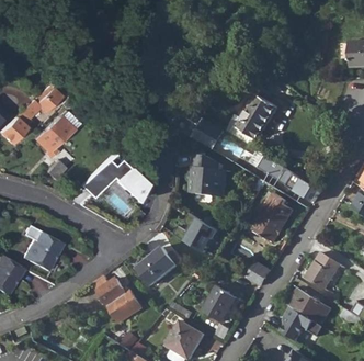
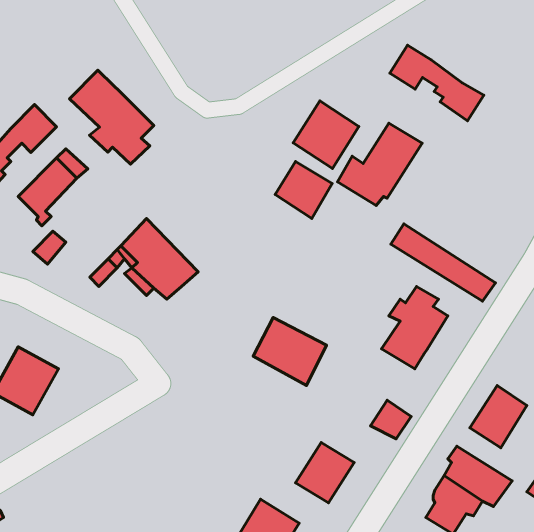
building: none -> [390,45,484,121]
building: none -> [69,70,154,164]
building: none -> [293,101,359,168]
building: [189,155,227,196] -> none
building: [135,247,175,285] -> none
building: [91,275,140,323] -> none

